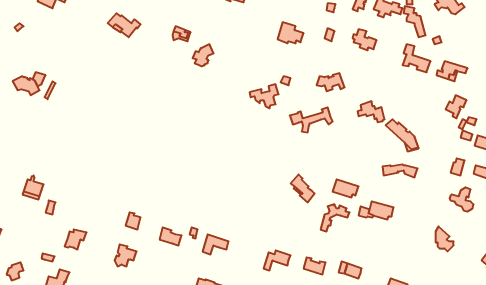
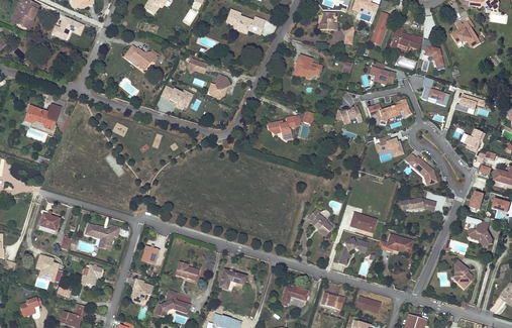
building: none -> [162,85,194,110]
building: [290,107,333,132] -> [368,99,411,124]
building: none -> [84,222,120,245]
building: none -> [36,253,63,282]
building: none -> [156,289,190,315]

